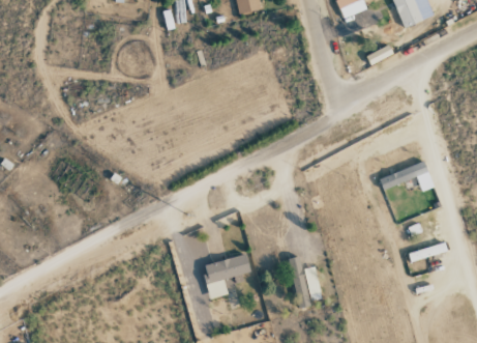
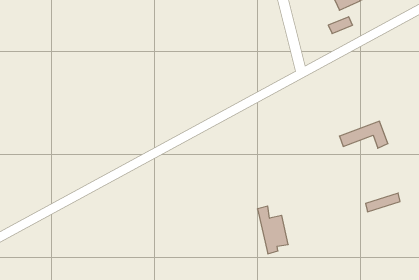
building: [203,254,250,298] -> none

